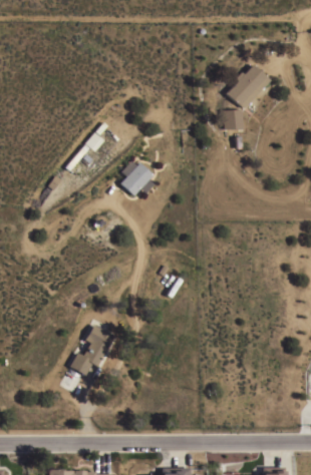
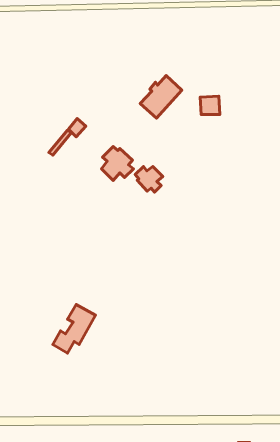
building: [226,65,269,109] -> [140,76,182,118]
building: none -> [135,166,163,192]

